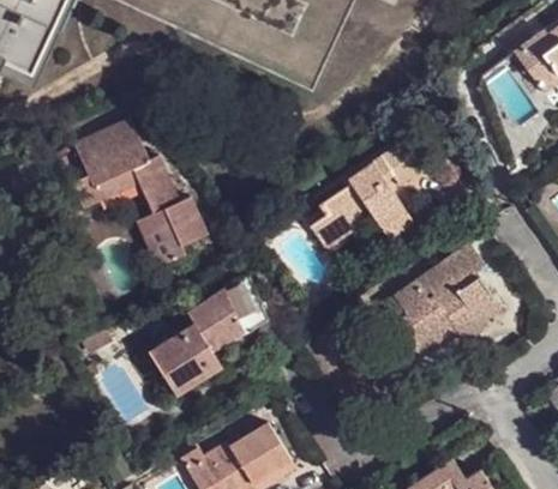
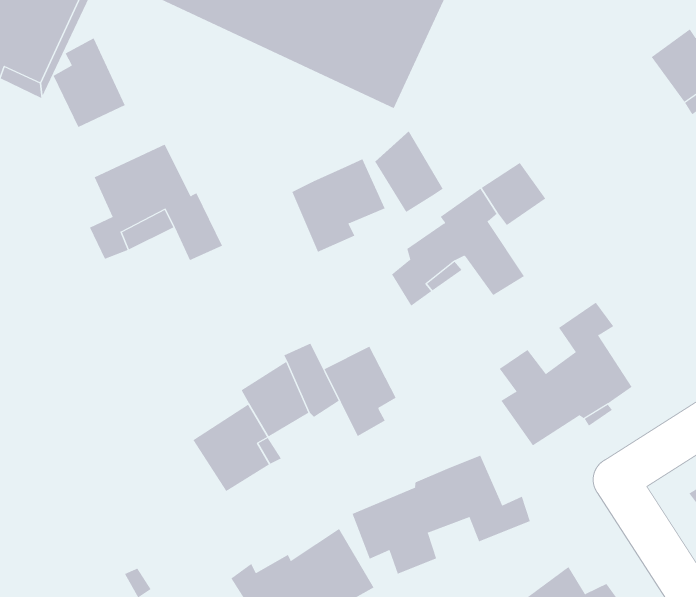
building: none -> [53,38,126,128]
building: none -> [375,131,443,213]
building: [133,192,208,266] -> [292,158,386,253]
building: none -> [324,346,396,437]
building: none -> [352,455,531,574]

